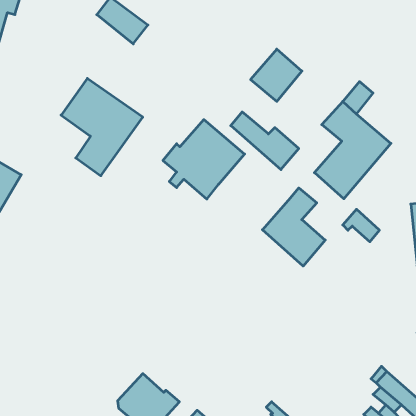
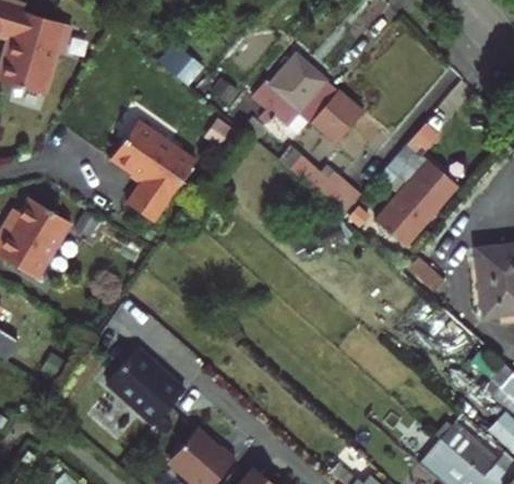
building: [163,120,245,199] -> [252,54,337,137]
building: [262,188,325,266] -> none
building: none -> [106,351,184,425]

